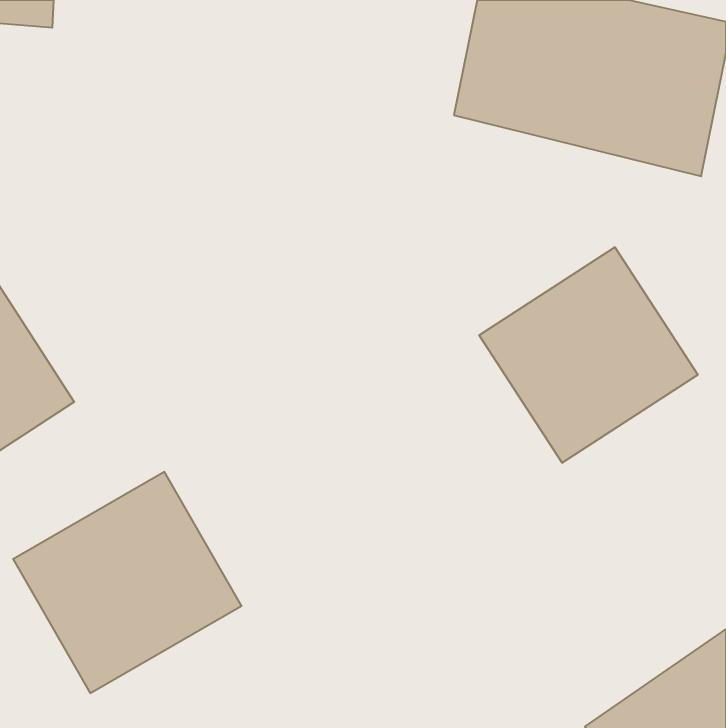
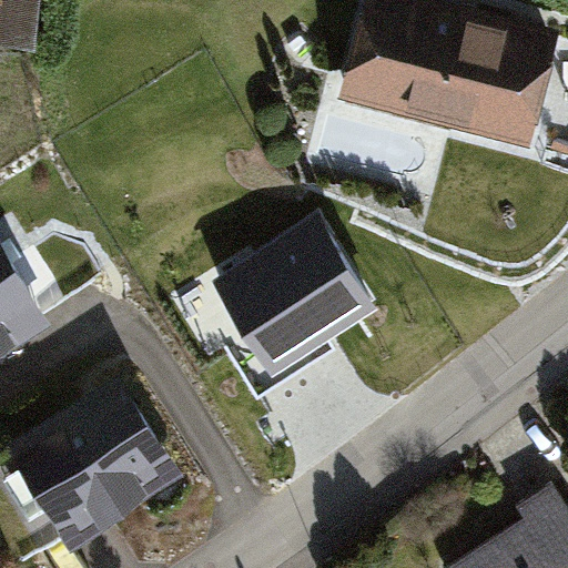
building: [479,247,698,463] -> none
building: none -> [202,223,373,388]

